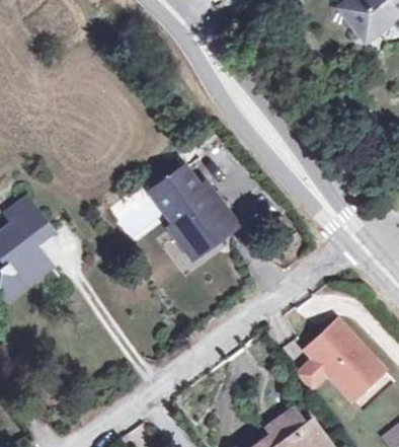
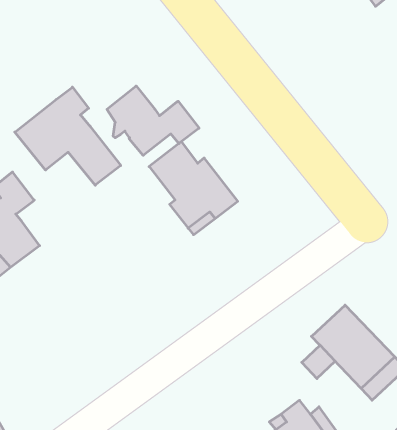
building: none -> [107,86,199,155]
building: none -> [15,87,121,185]

